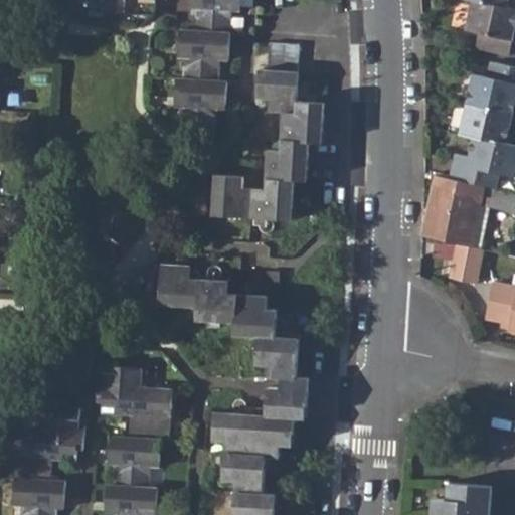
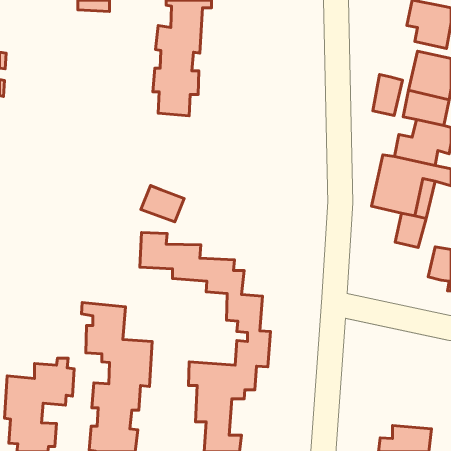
building: [214,43,325,219] -> none
building: none -> [373,75,402,116]
building: none -> [141,186,184,222]

